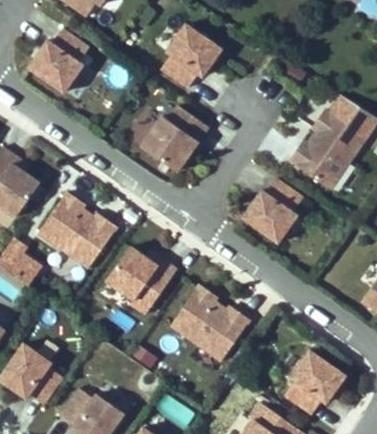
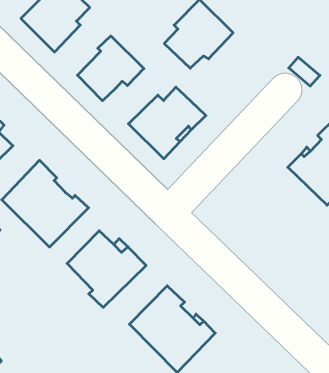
building: none -> [77,36,144,101]
building: [242,179,302,243] -> none

